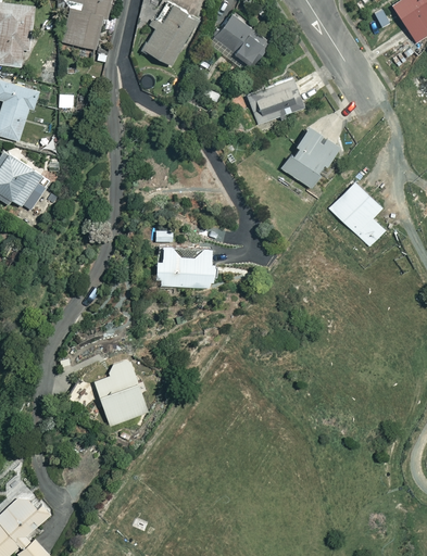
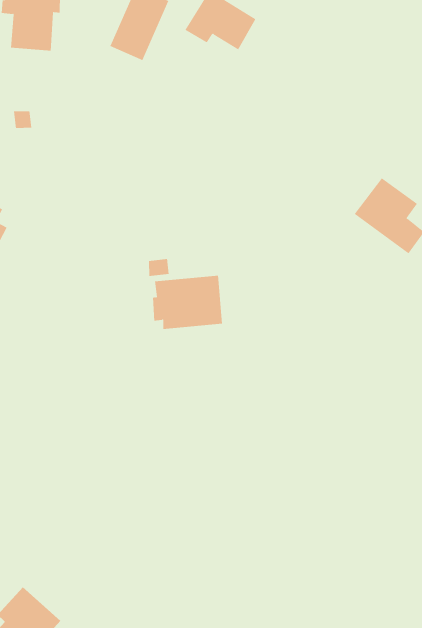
building: [247,78,304,125] -> none
building: [281,126,338,188] -> none
building: [95,359,148,427] -> none

